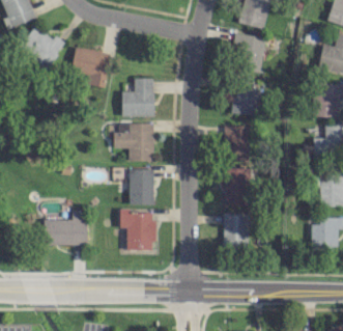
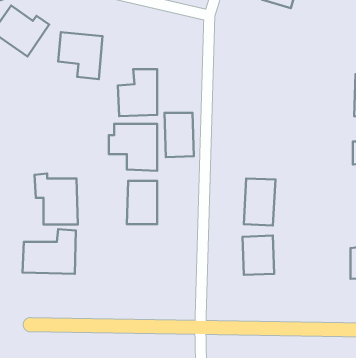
building: [233,35,263,73] -> none
building: [232,79,258,115] -> none
building: [224,126,248,162] -> [165,113,194,157]
building: [119,209,154,250] -> [35,174,78,224]

